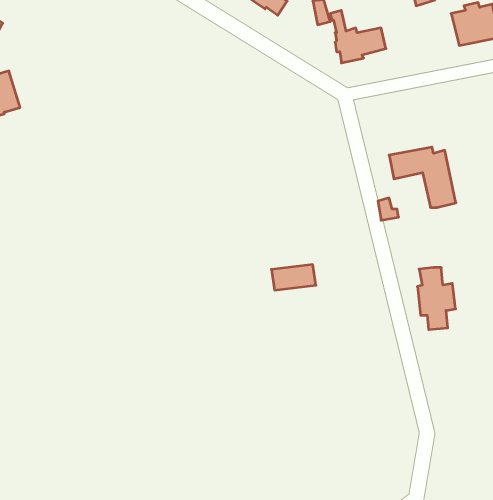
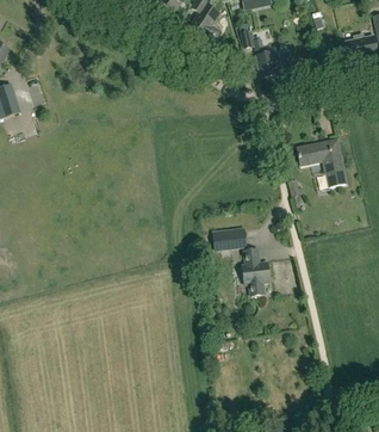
building: [417,268,456,330] -> [242,248,271,295]

